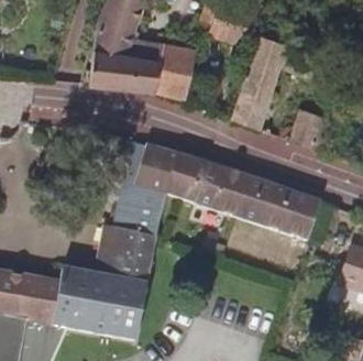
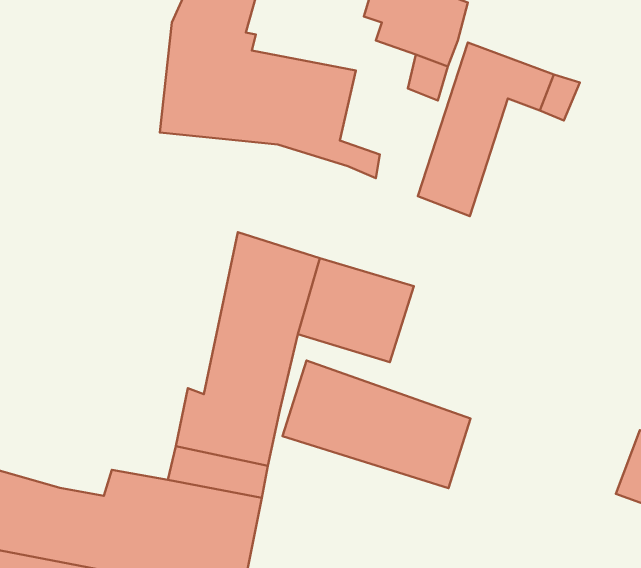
building: [289,108,328,153] -> none
building: [216,168,319,239] -> [283,360,471,488]

